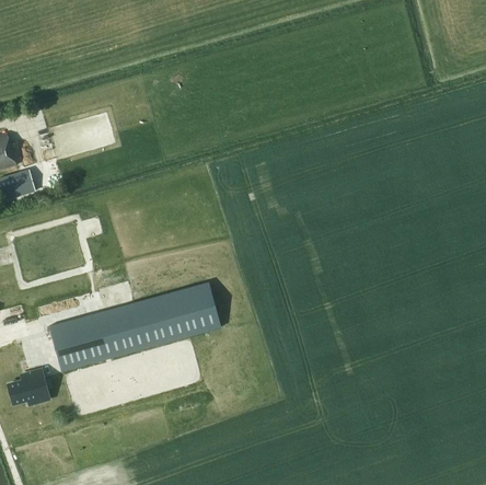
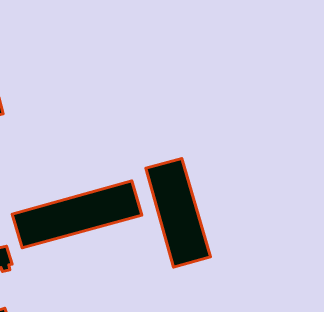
building: none -> [146,158,210,267]

